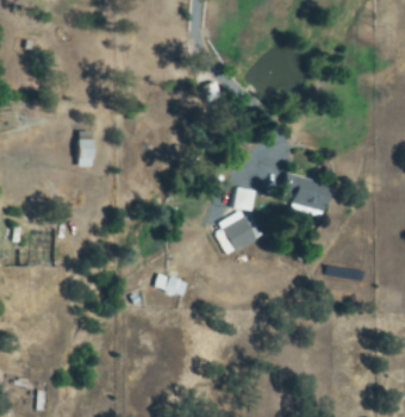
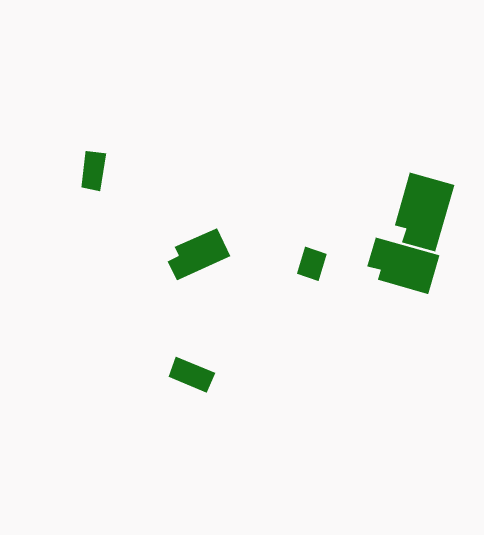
building: none -> [394,172,456,252]
building: [218,213,262,254] -> [167,227,231,281]

